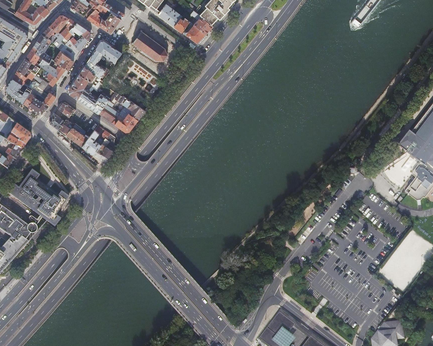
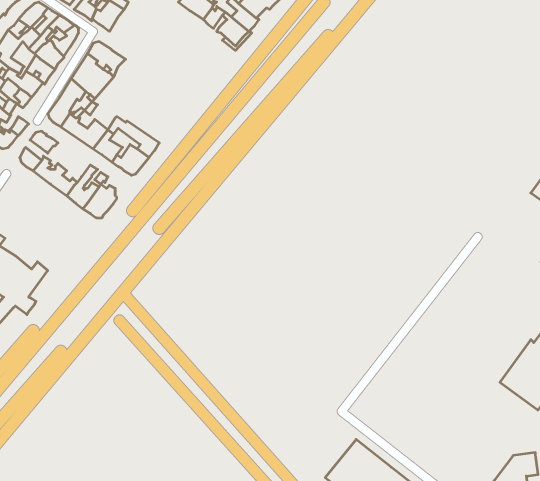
building: [130,28,167,60] -> none

